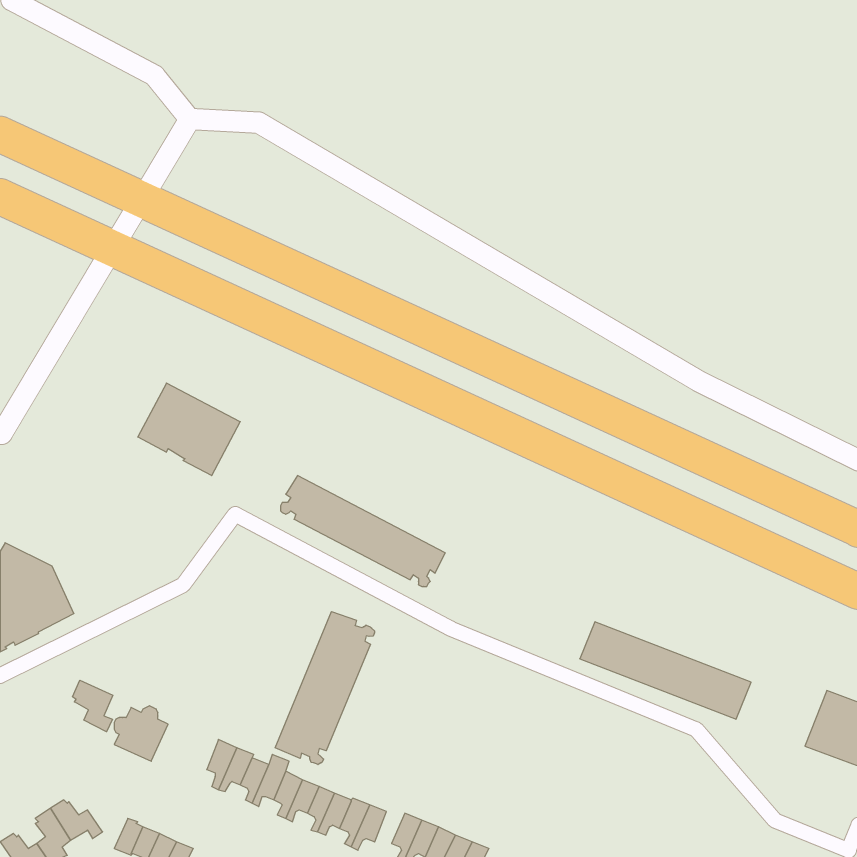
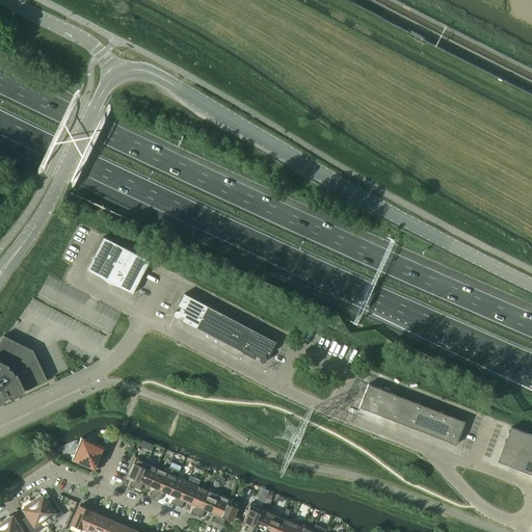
building: [275,612,374,765] -> none
building: [72,680,113,732] -> none

